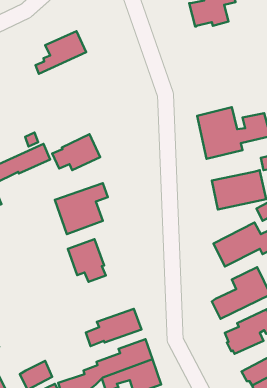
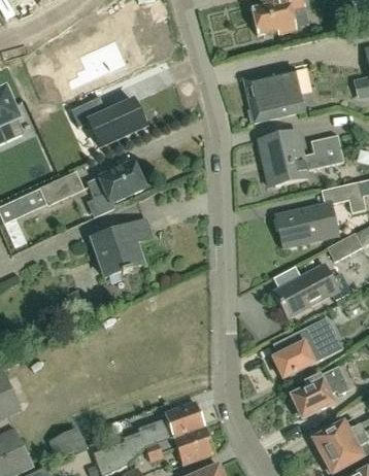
building: none -> [240,65,304,122]
building: none -> [70,98,145,147]
building: [68,239,106,282] -> none
building: [86,309,141,346] -> none

